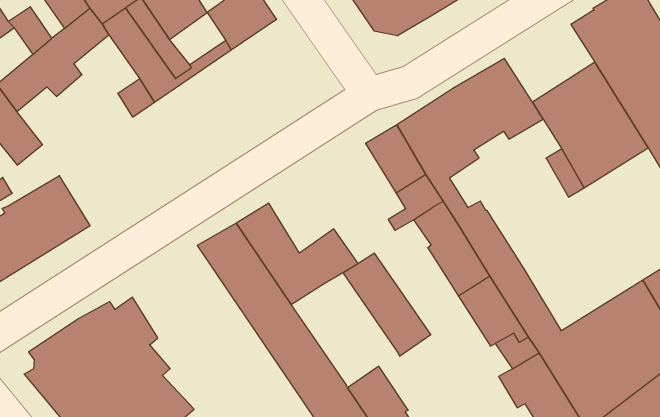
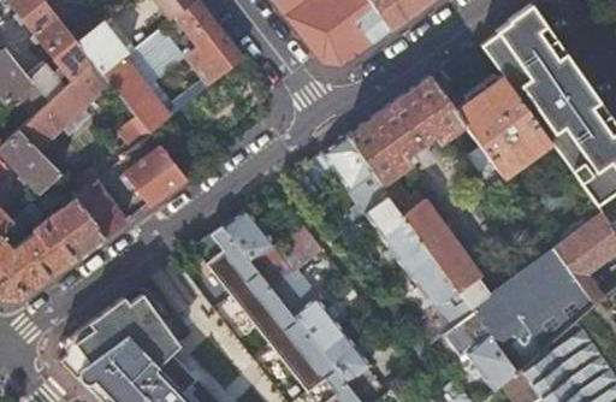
building: none -> [126,146,185,205]
building: none -> [71,178,125,236]
building: [343,253,431,356] -> [272,270,346,351]

